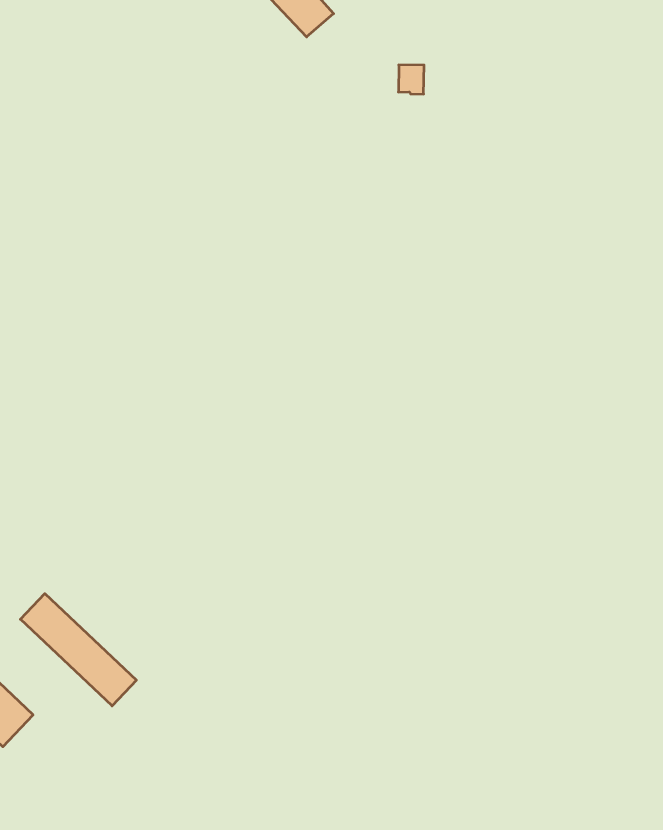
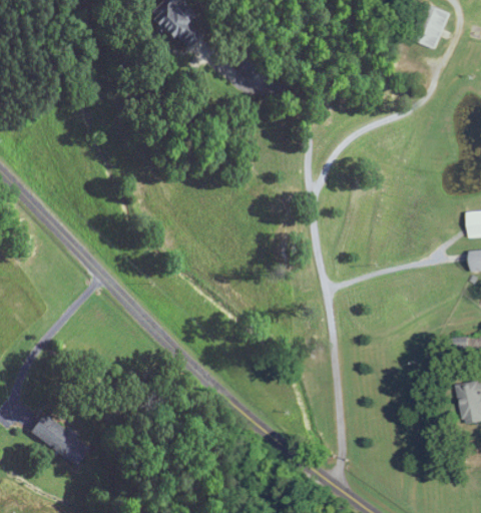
building: [20,594,136,706] -> none

